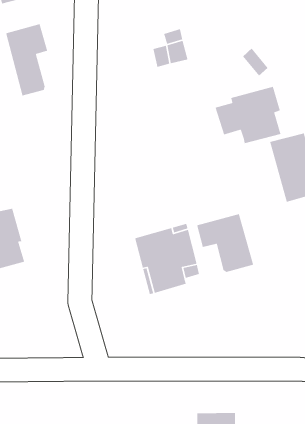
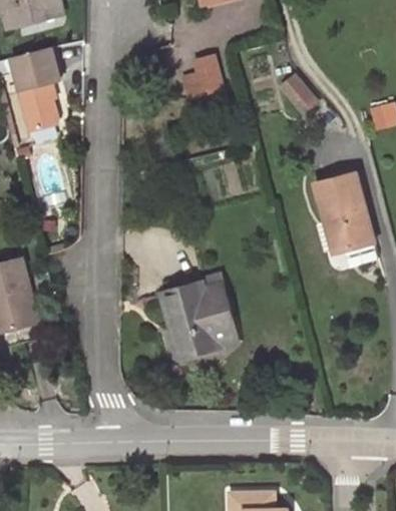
building: [215,86,281,144] -> none
building: [196,213,254,273] -> none

